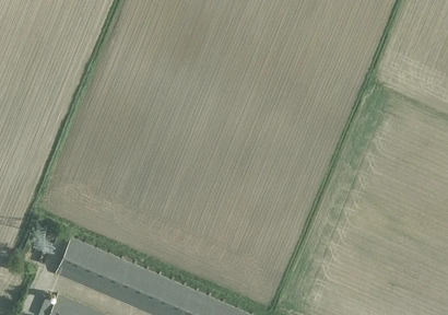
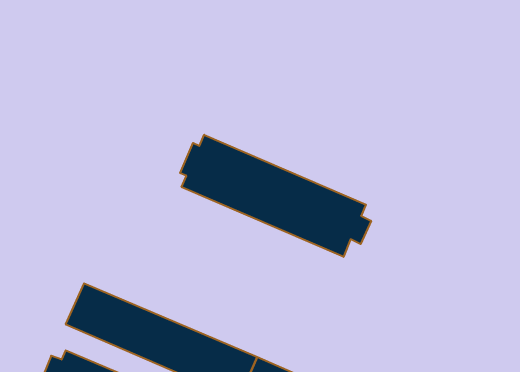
building: none -> [180,135,371,257]

